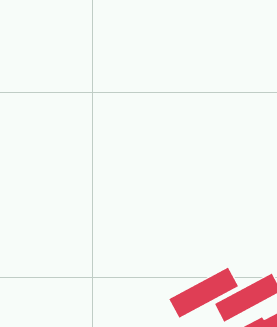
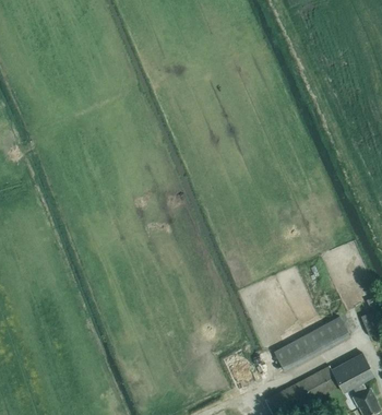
building: [168,267,239,318] -> none

